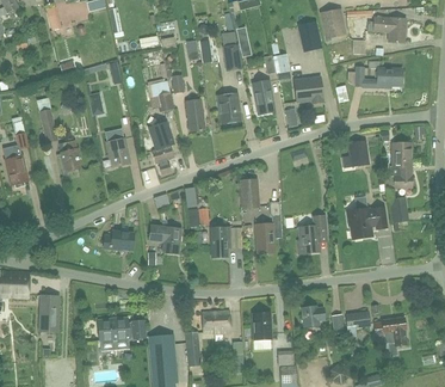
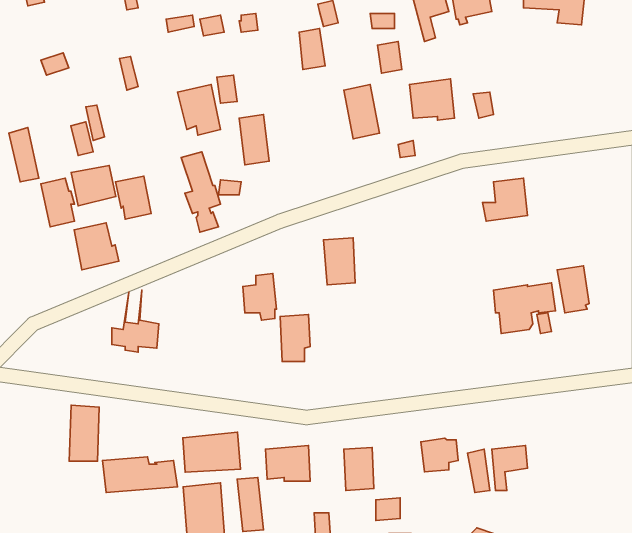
building: [354,61,401,88] -> none
building: [217,93,240,123] -> none
building: none -> [71,165,116,206]
building: [384,142,413,188] -> none
building: none -> [74,223,119,270]
building: [255,201,282,253] -> none
building: [296,216,326,254] -> none
building: [149,226,180,253] -> none
building: [39,295,58,331] -> [69,405,99,461]
building: none -> [183,432,240,472]
building: [375,317,407,346] -> none

